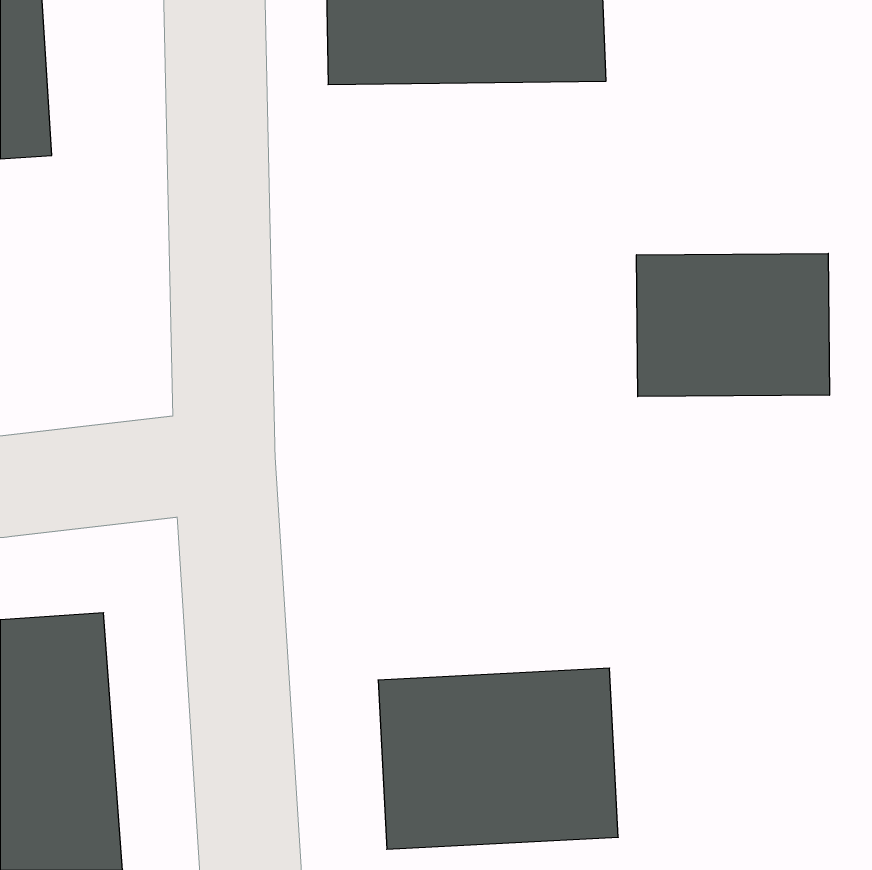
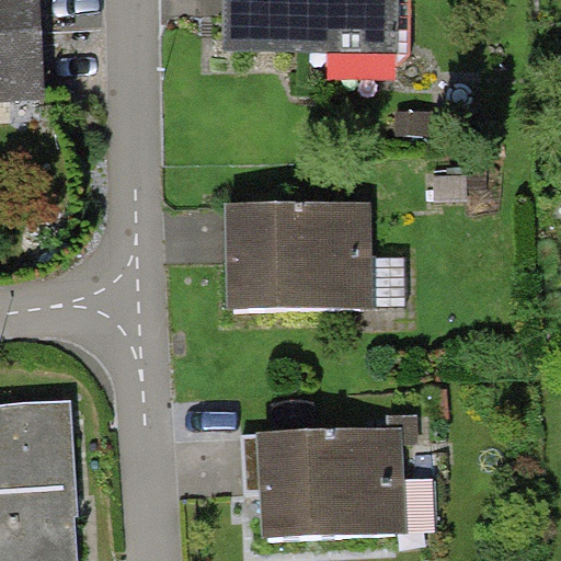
building: [637,253,829,397] -> none
building: none -> [217,202,367,310]

